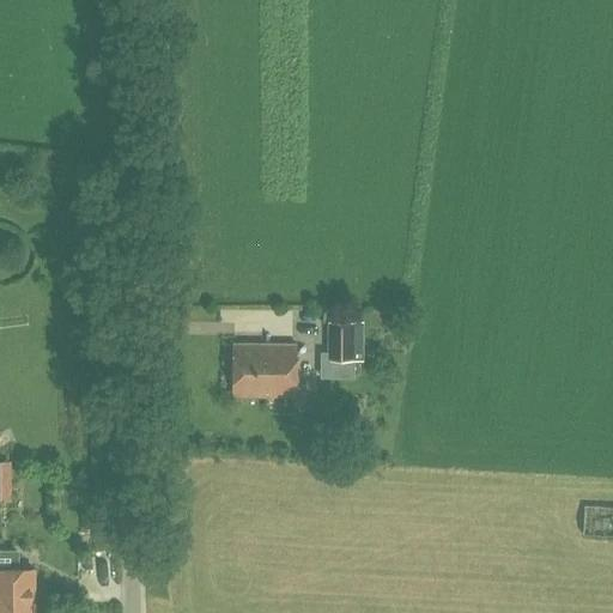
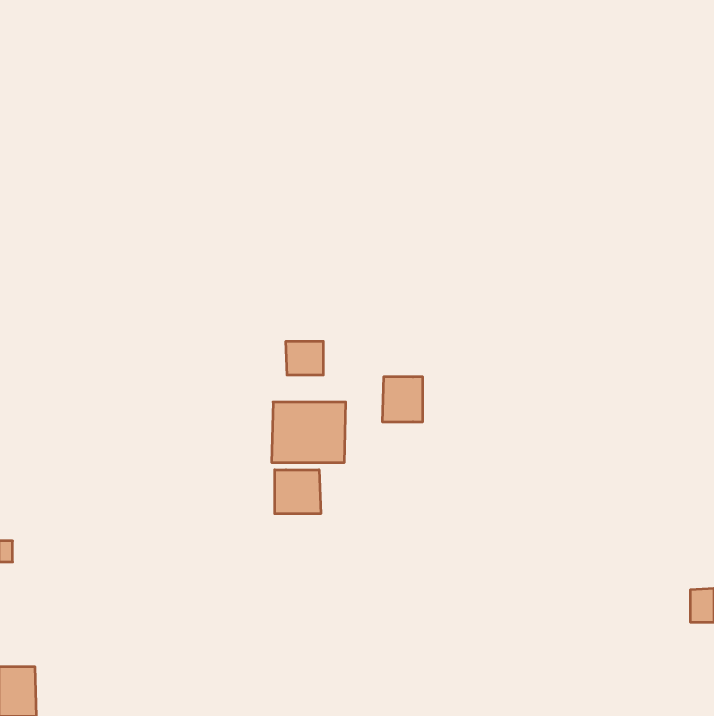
building: none -> [286,341,323,375]
building: none -> [275,470,321,514]

